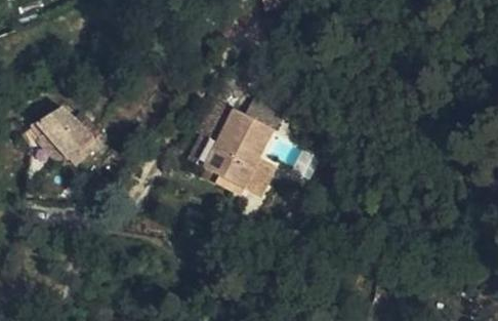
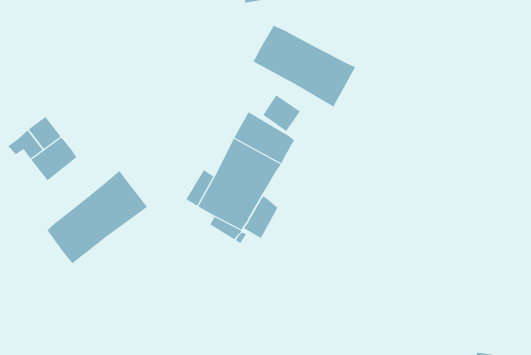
building: none -> [253,25,356,108]
building: none -> [46,170,148,264]

